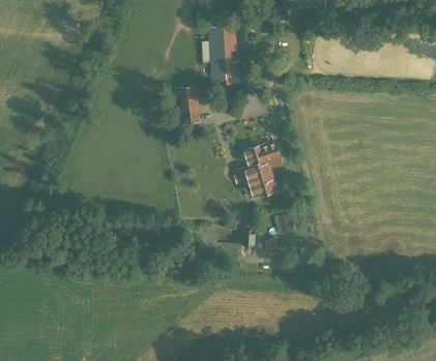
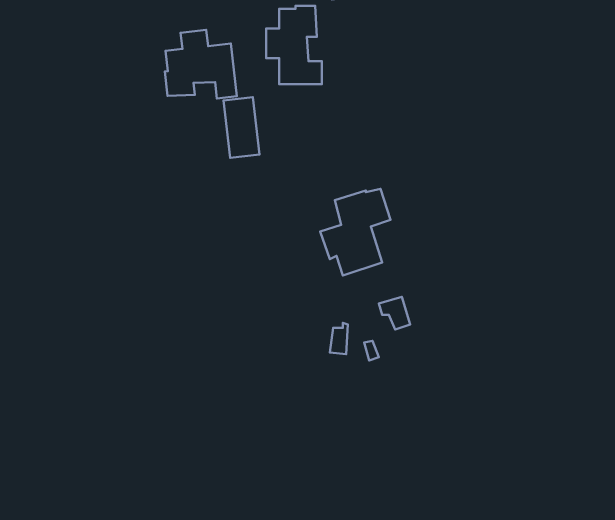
building: none -> [165,30,237,99]

